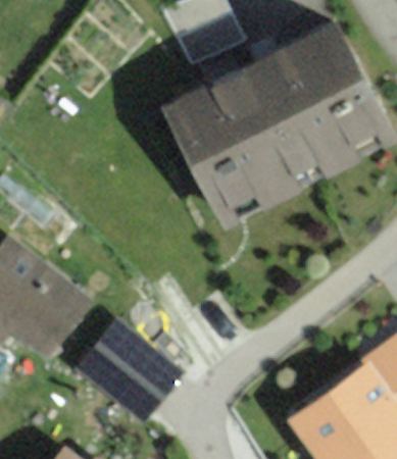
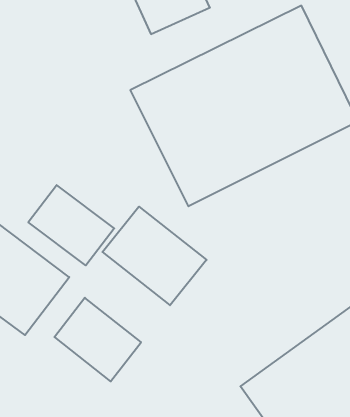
building: none -> [28,185,114,265]
building: none -> [102,207,207,305]

